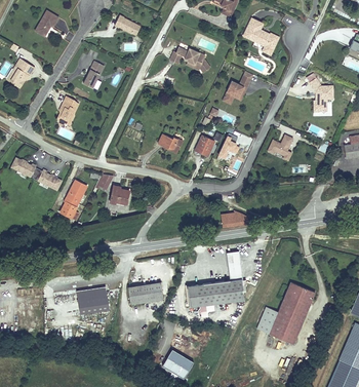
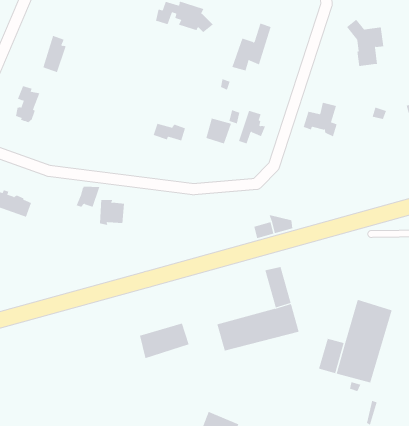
building: [59,179,87,219] -> none
building: [77,286,109,314] -> none

